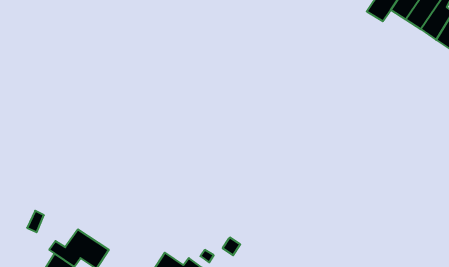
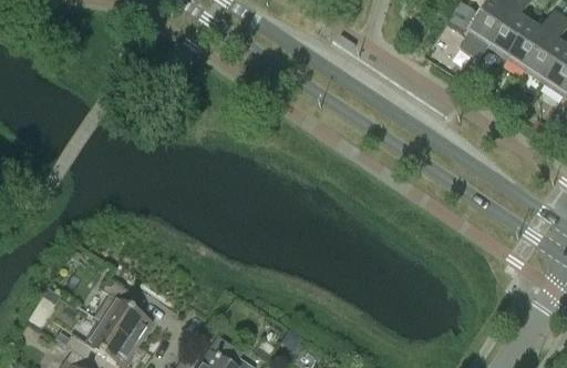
building: none -> [94,277,154,345]

